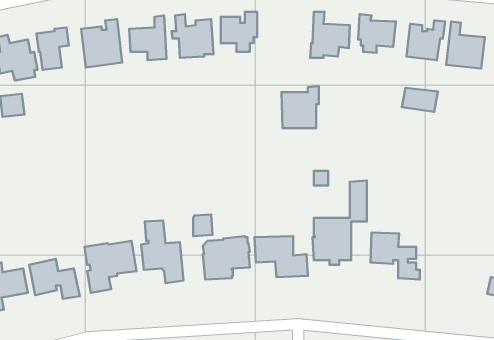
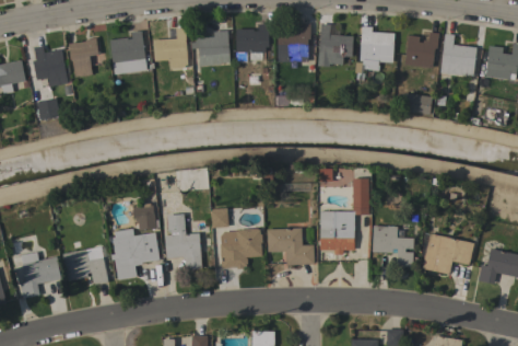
building: [281,86,319,128] -> [276,23,310,61]
building: none -> [133,203,156,230]
building: none -> [422,233,473,275]

